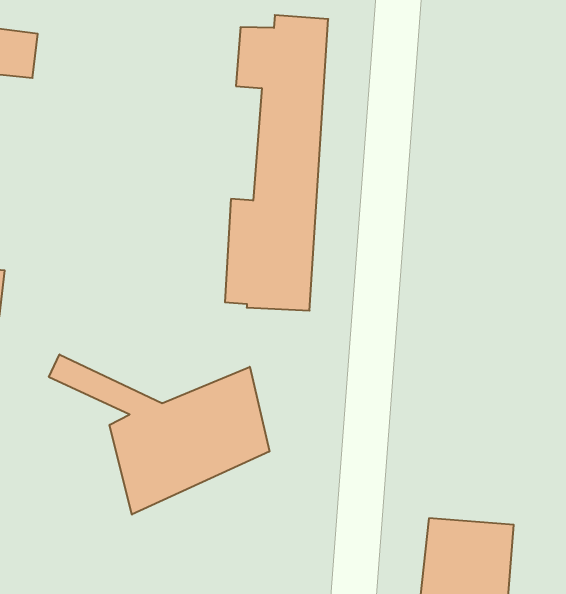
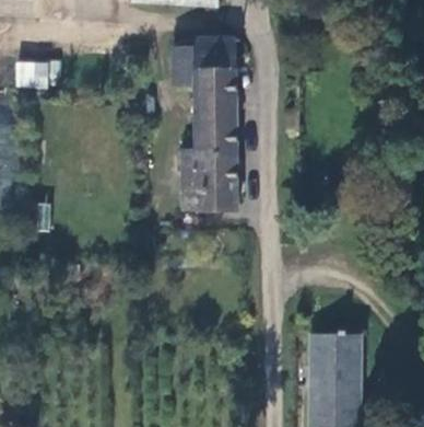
building: [49,354,269,515] -> none

